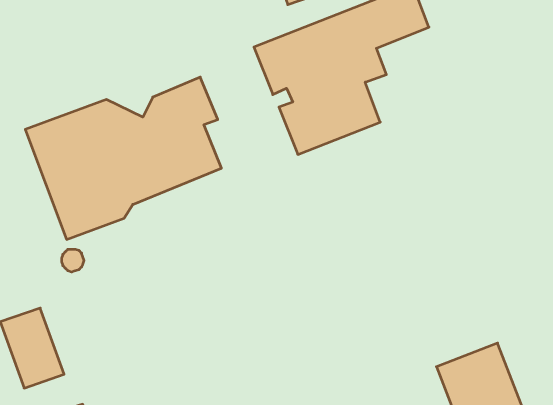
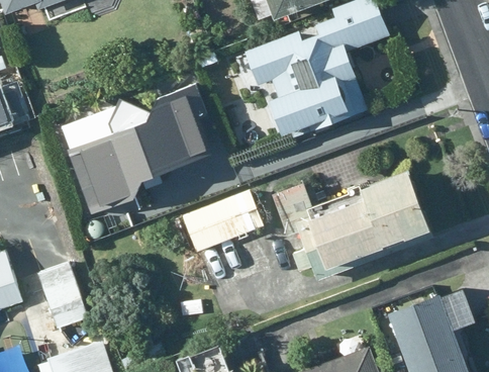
building: none -> [270,169,433,282]
building: none -> [179,191,261,252]

